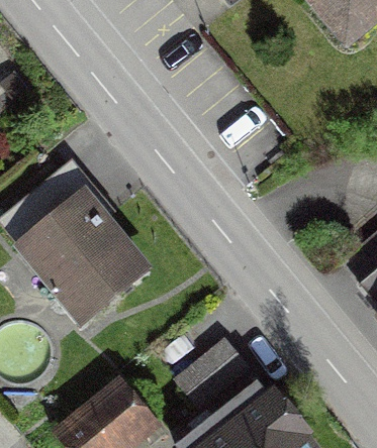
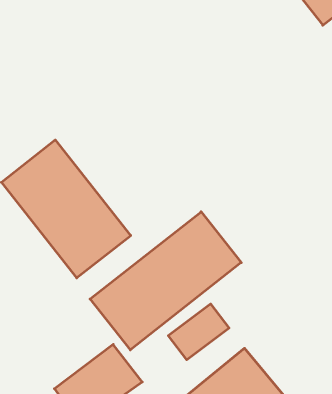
building: none -> [90,212,241,350]

